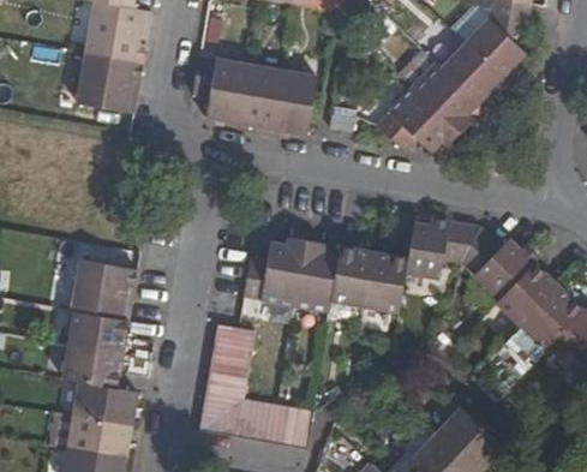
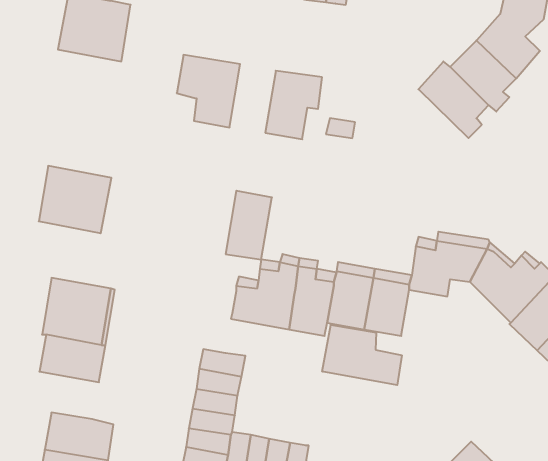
building: [76,52,142,113] -> [39,166,111,233]
building: [240,65,282,127] -> [226,191,272,259]
building: [376,88,457,151] -> none
building: none -> [322,325,402,385]
building: [62,345,121,388] -> none

